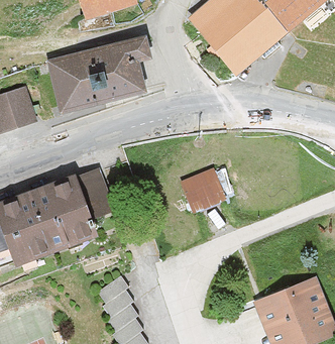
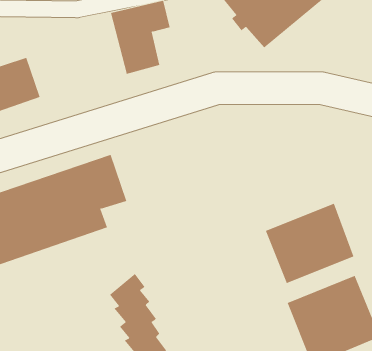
building: [46,44,113,113] -> none
building: [180,167,226,213] -> none
building: none -> [265,203,354,284]

